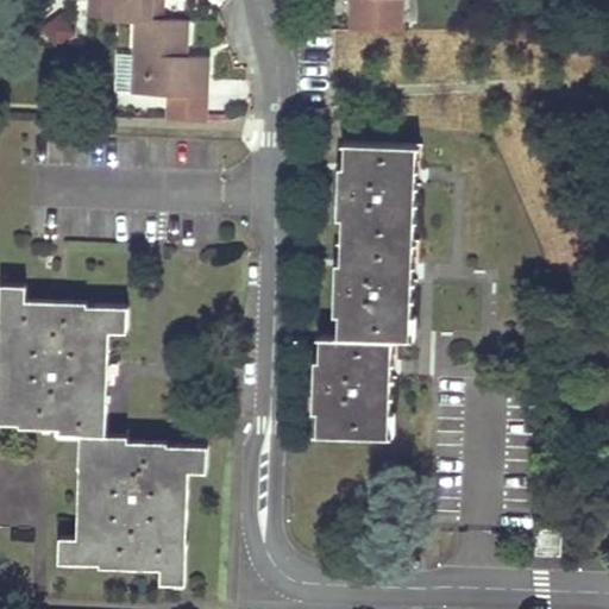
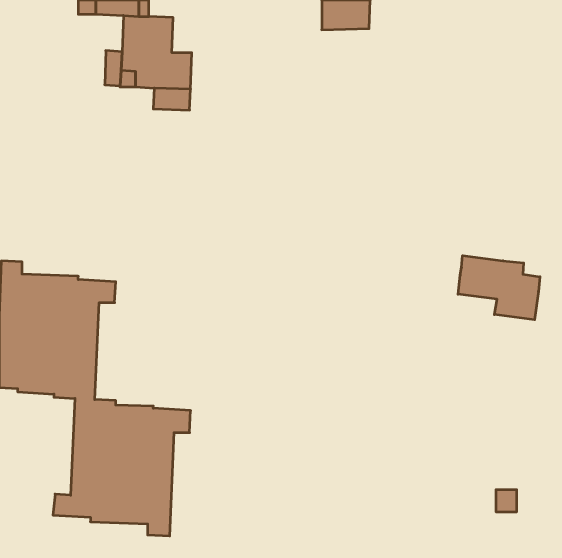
building: [313,145,415,439] -> none
building: none -> [458,256,540,320]

